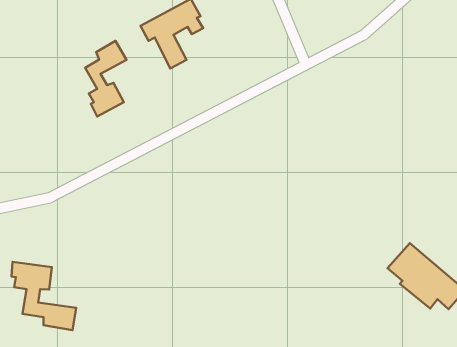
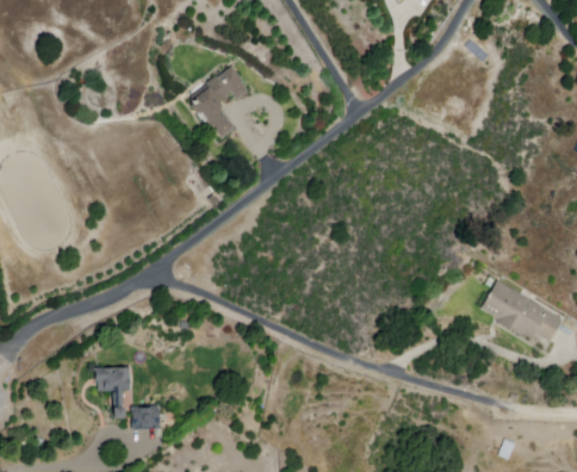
building: [85,41,126,117] -> none

